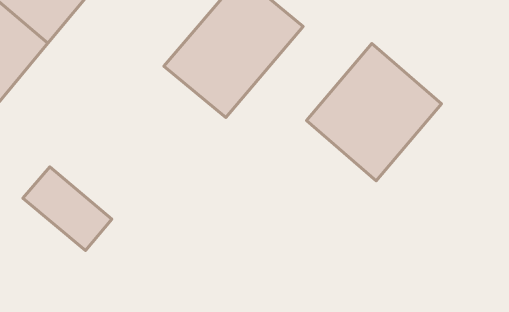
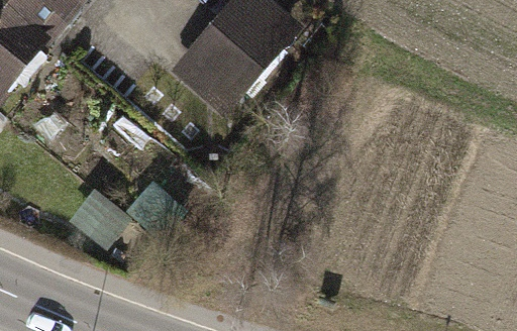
building: [306,44,441,181] -> none

